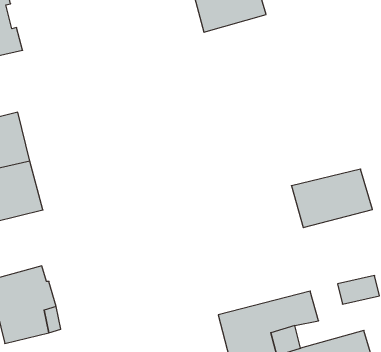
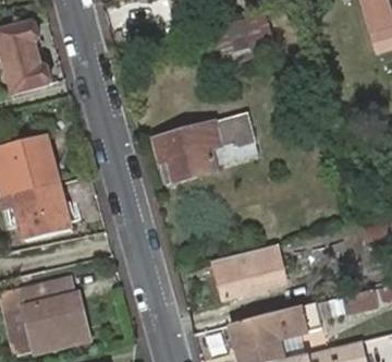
building: none -> [155,116,237,180]
building: [291,169,372,228] -> [212,245,286,299]

